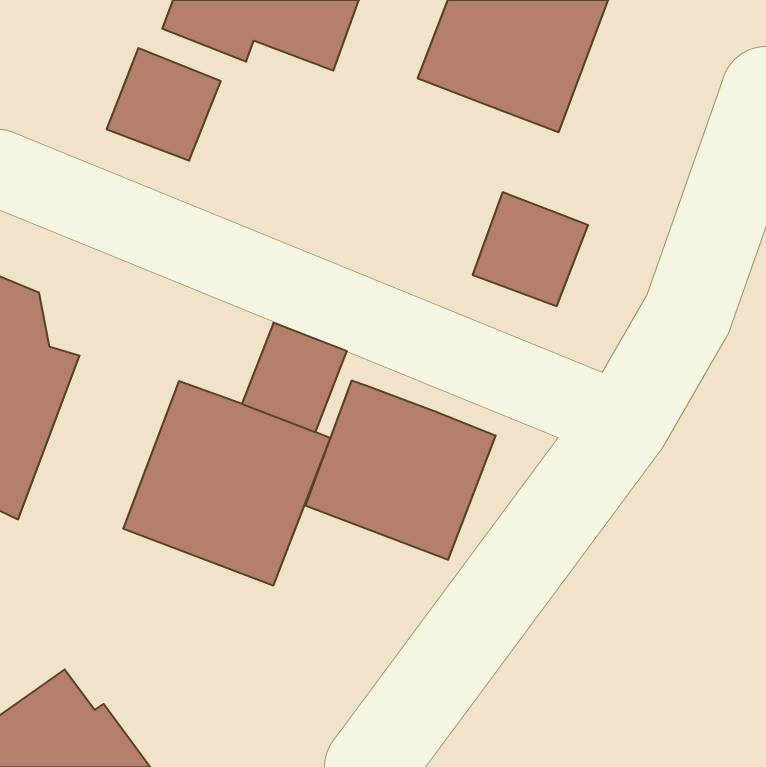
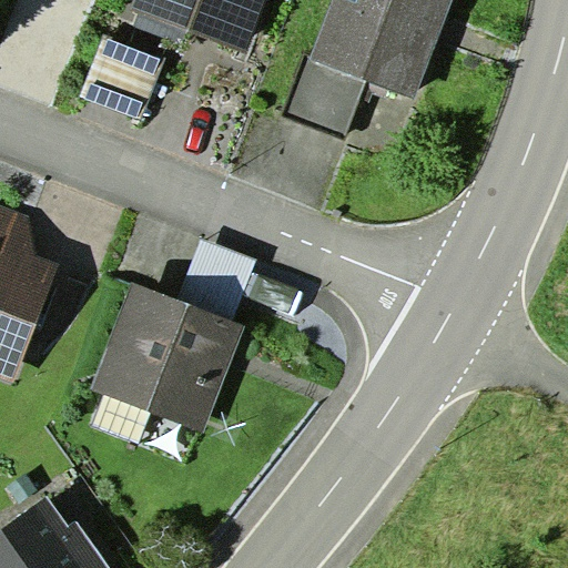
building: [473,192,588,306] -> [281,55,366,140]
building: [305,380,496,560] -> none

